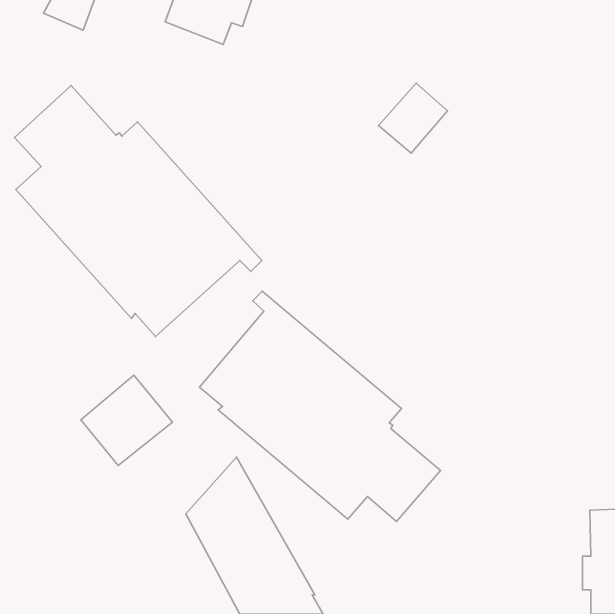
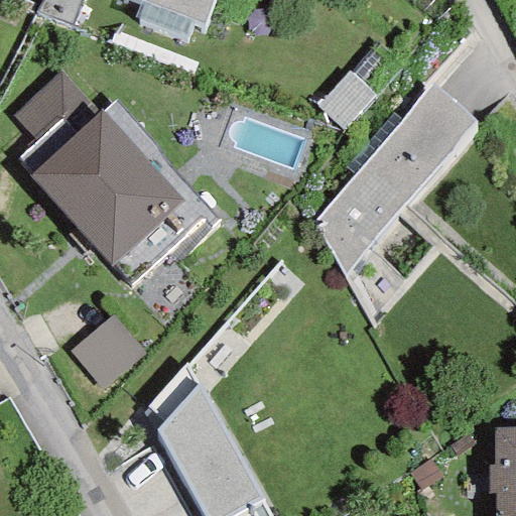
building: none -> [315,84,475,275]
building: [199,291,441,522] -> none

